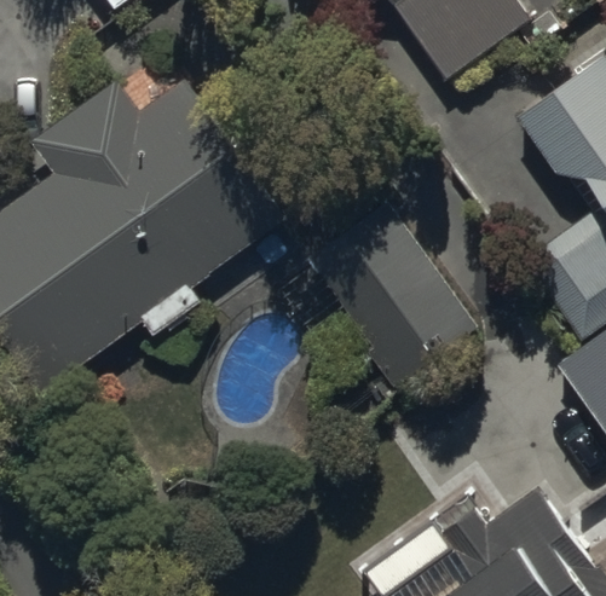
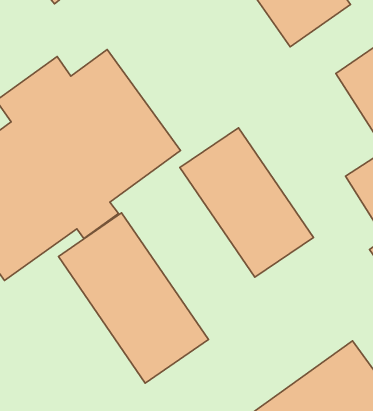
building: none -> [58,213,208,383]

